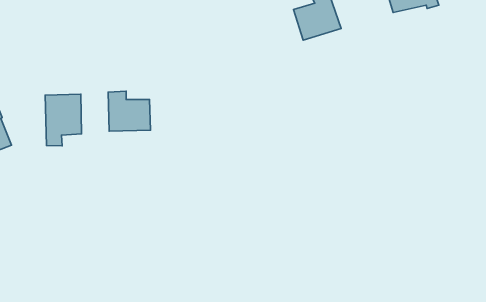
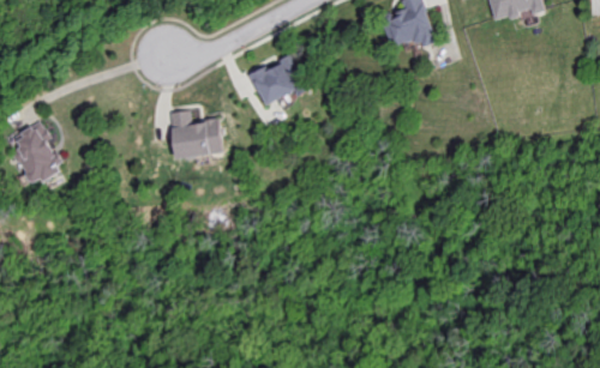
building: none -> [250,53,302,104]
building: [45,94,82,146] -> none

